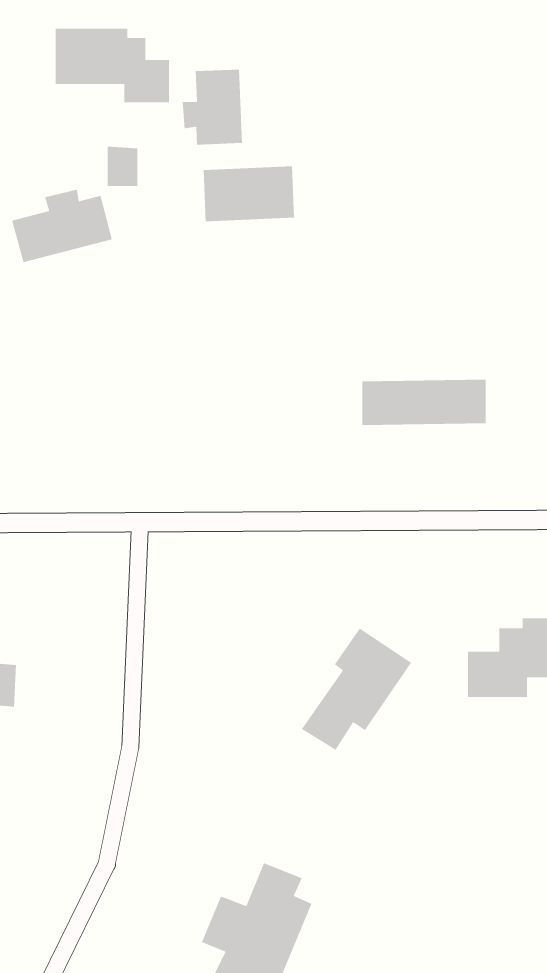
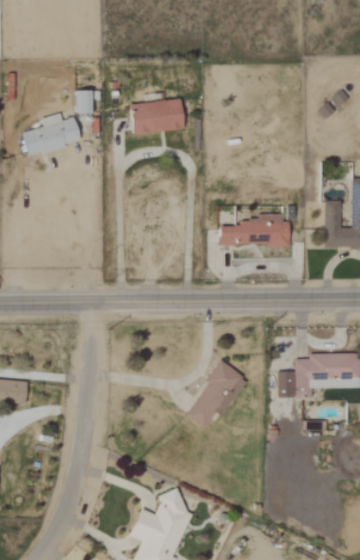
building: [55,28,170,103] -> none
building: [182,69,243,146] -> none

